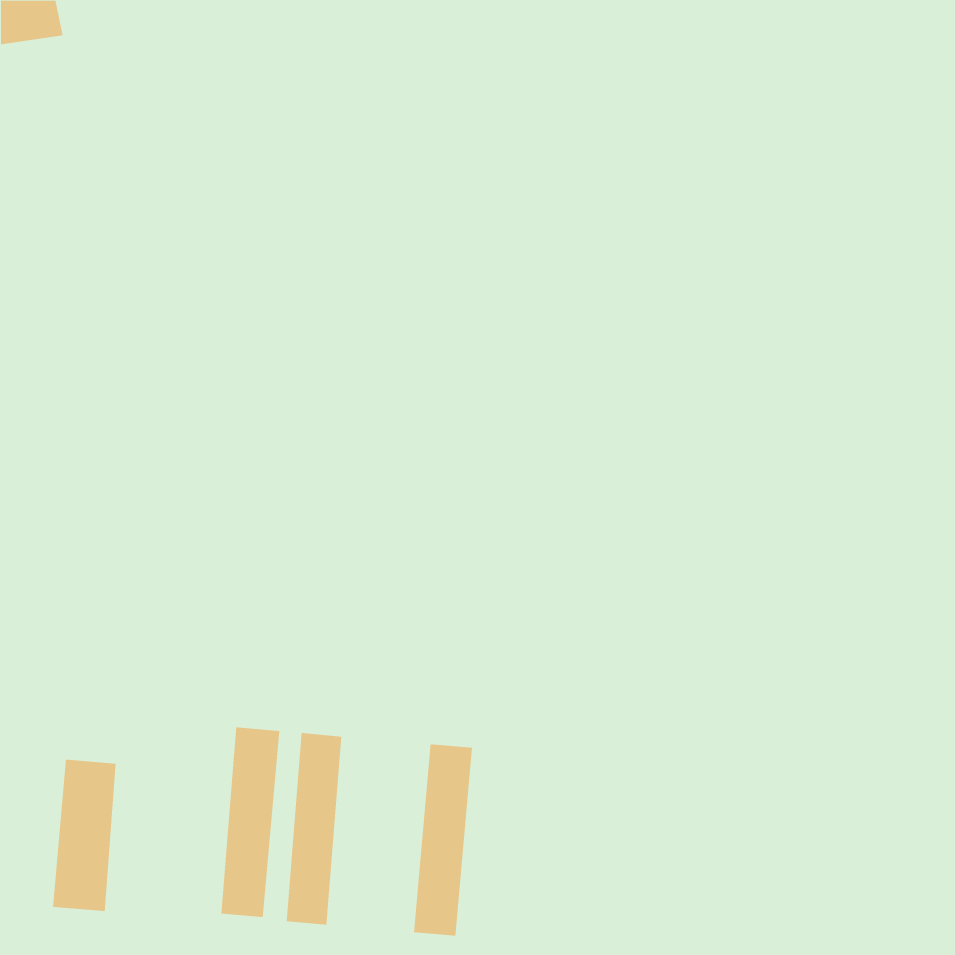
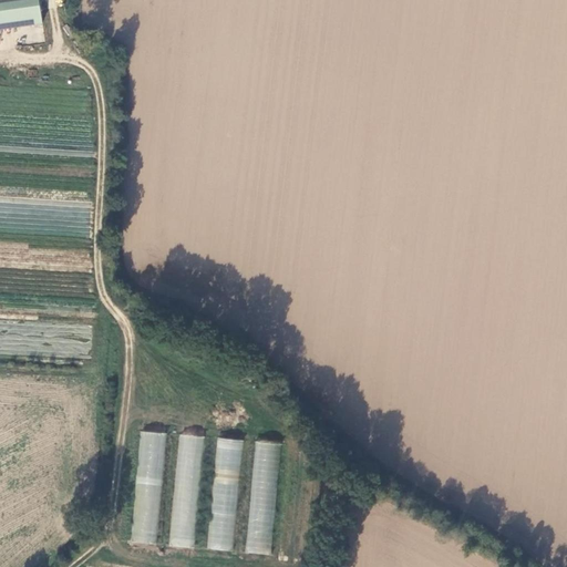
building: none -> [207,437,241,550]
building: [52,759,116,912] -> none

